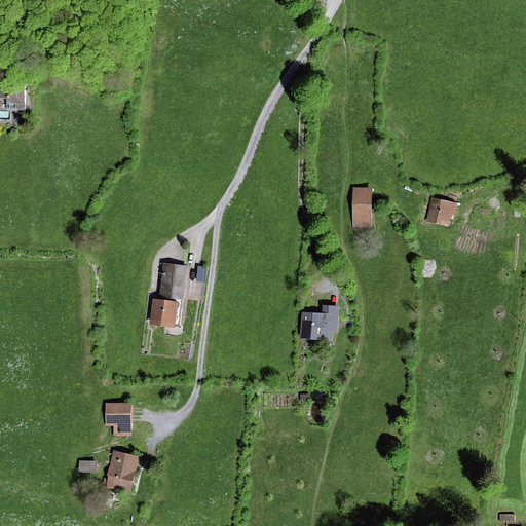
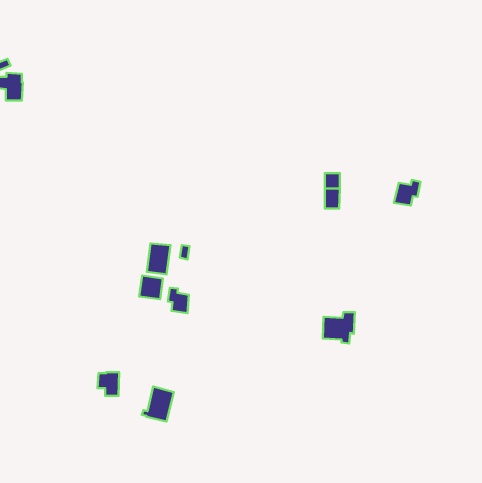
building: [301,307,336,341] -> [323,312,355,343]
building: none -> [168,288,189,313]
building: [102,452,137,490] -> [142,387,174,422]

